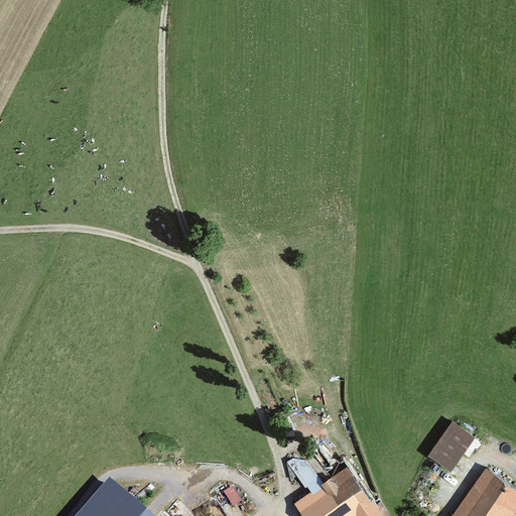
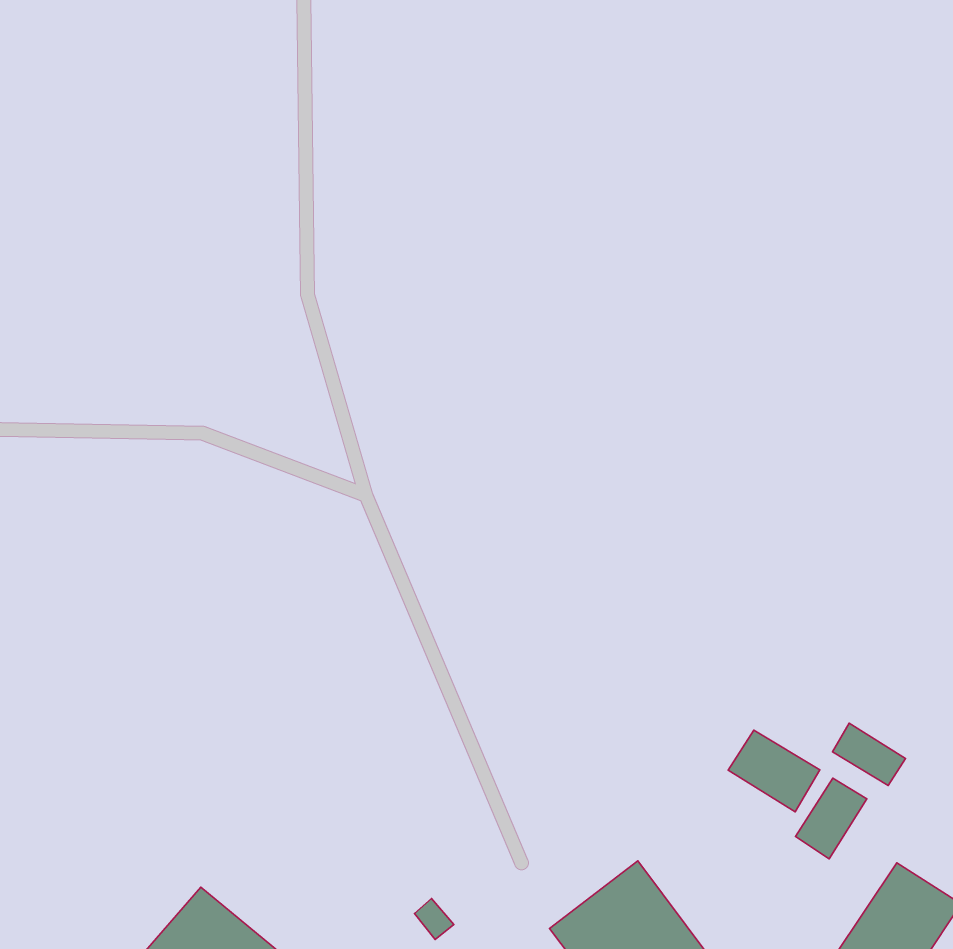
building: none -> [833,723,905,785]
building: none -> [728,730,820,812]

